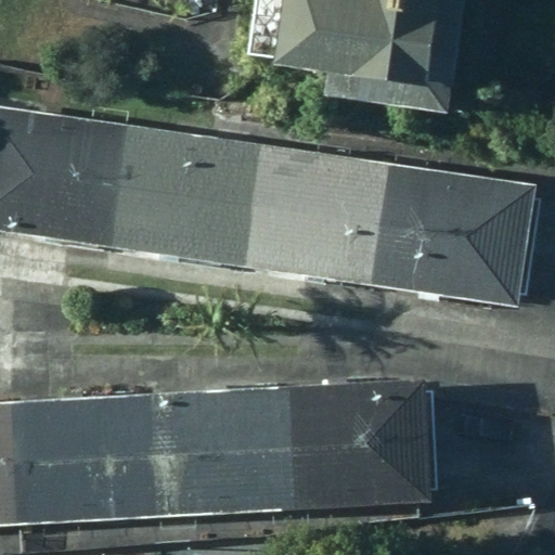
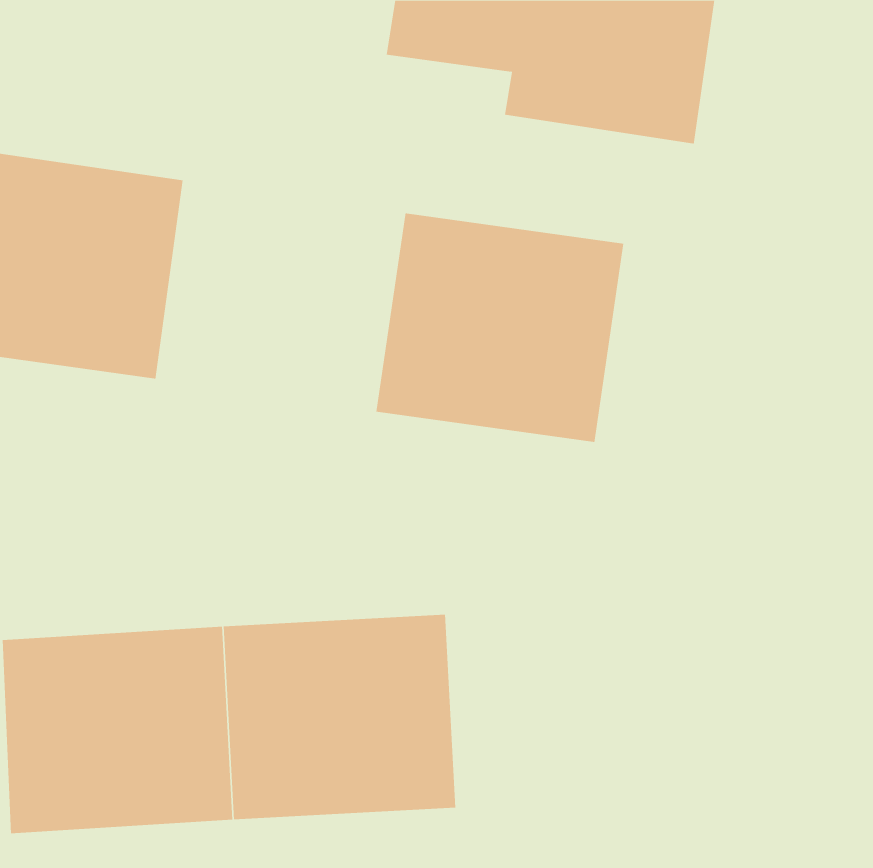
building: [99,119,256,266] -> none
building: [376,159,533,305] -> none
building: [282,385,428,516] -> none

